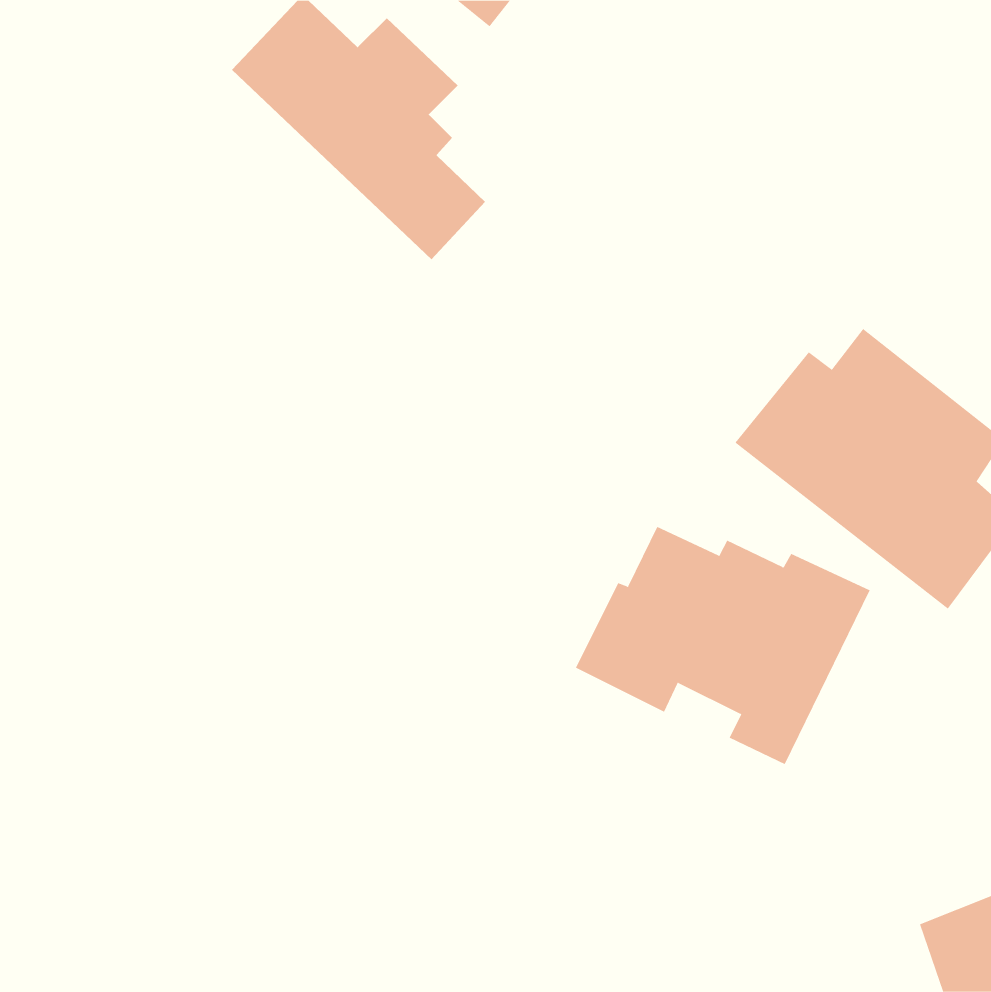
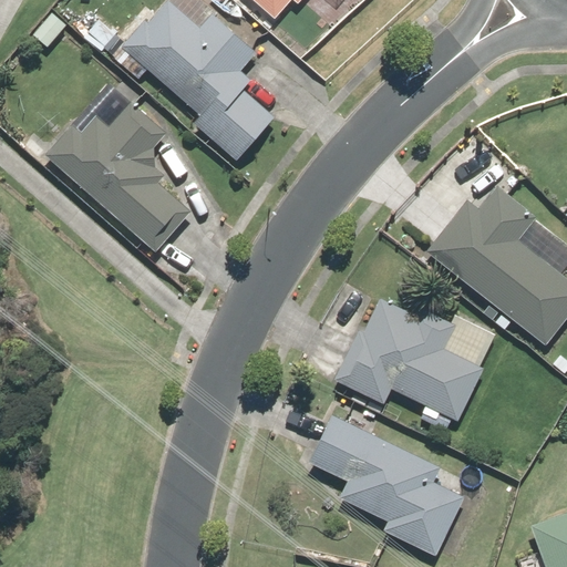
building: none -> [50,97,195,248]
building: none -> [302,415,461,558]

